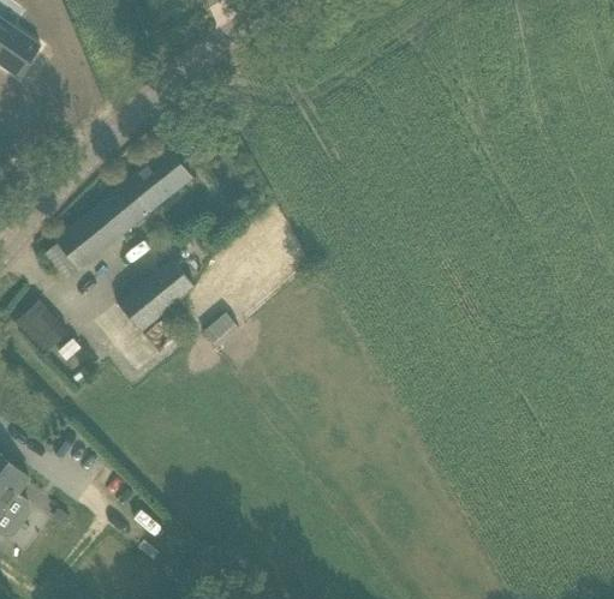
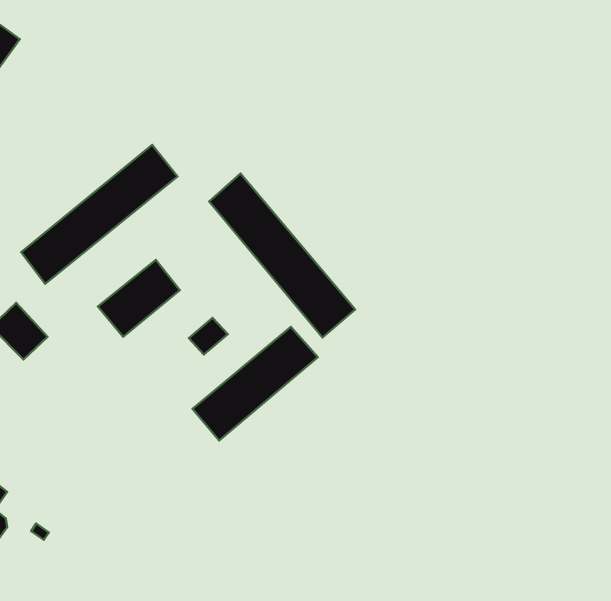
building: none -> [209,174,355,338]
building: none -> [192,327,318,440]

